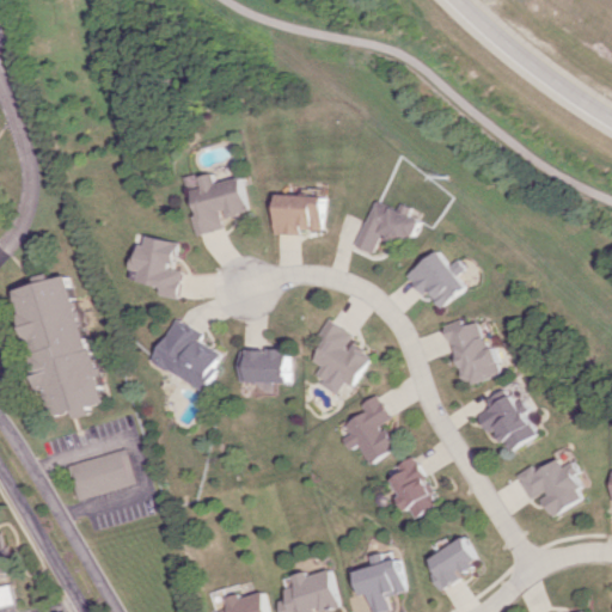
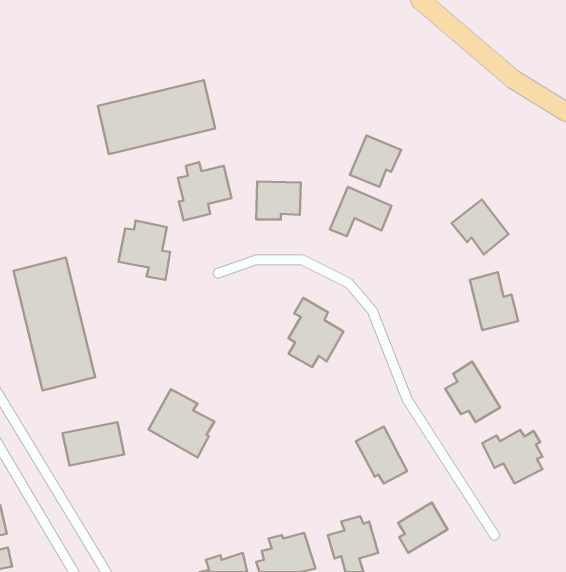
building: none -> [98,80,215,154]
building: none -> [350,135,401,187]
building: [403,250,464,308] -> [452,200,509,254]
building: [149,318,220,391] -> [148,389,214,457]
building: [447,323,498,385] -> [470,272,518,330]
building: [237,349,286,382] -> none
building: [337,394,391,464] -> none

